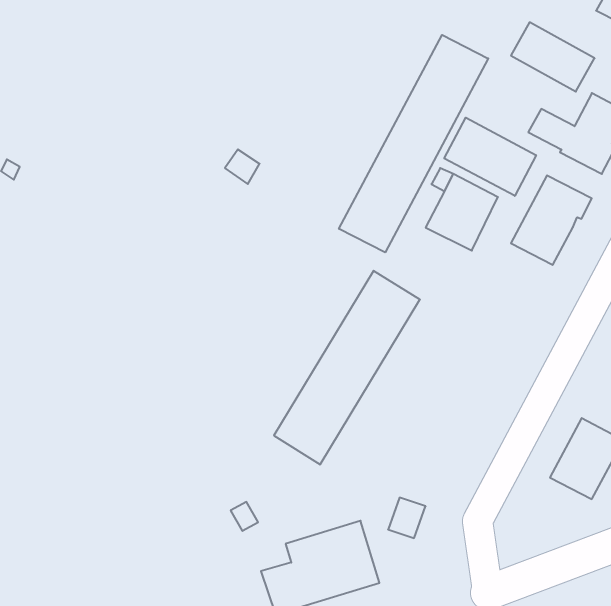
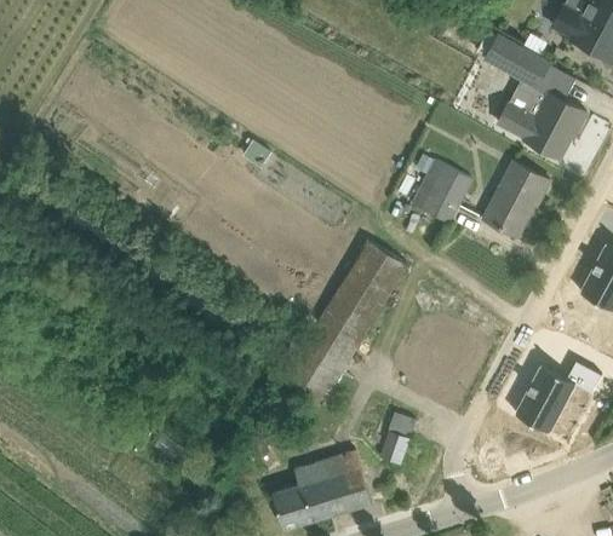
building: [339,35,488,252] -> none
building: [444,118,536,196] -> none

